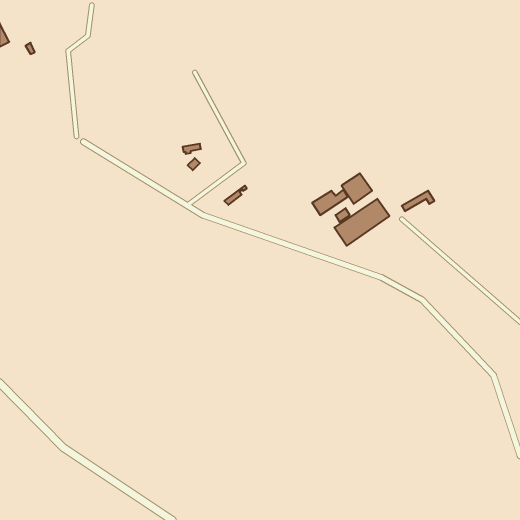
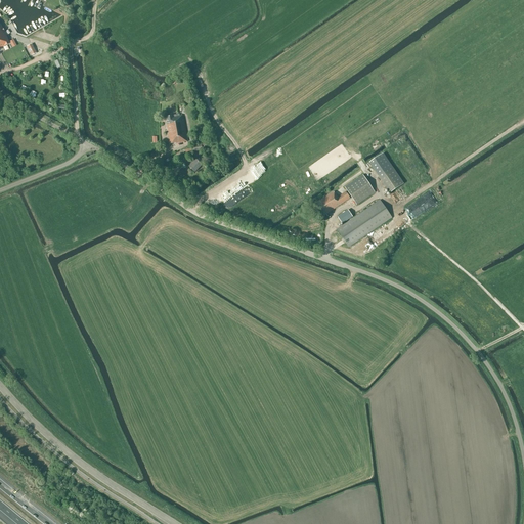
building: none -> [166,115,186,143]
building: none -> [368,152,402,192]

